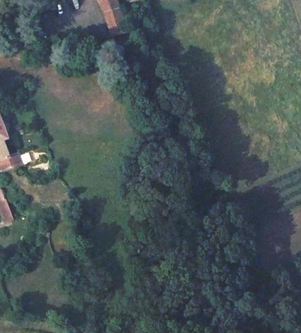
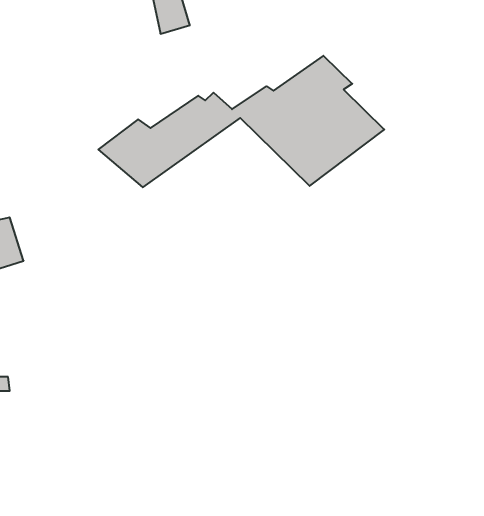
building: none -> [98,56,384,187]

